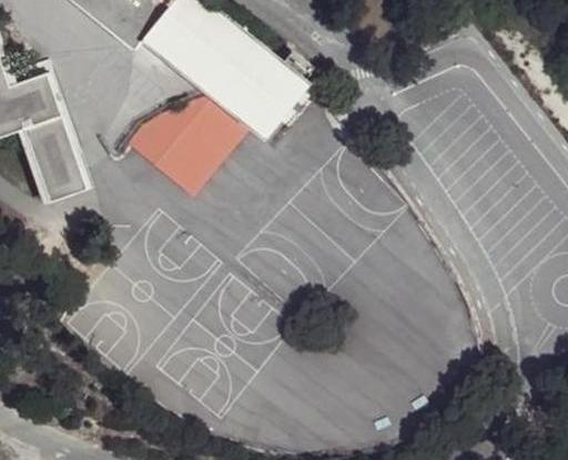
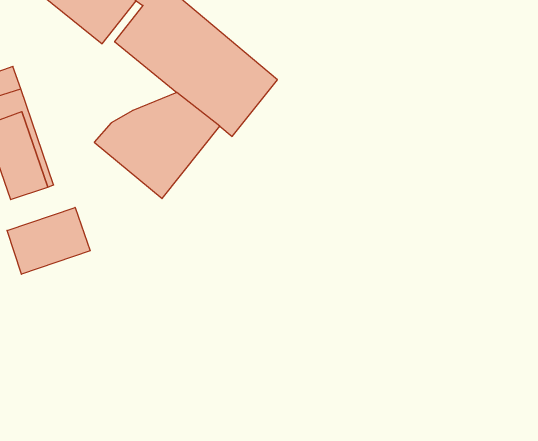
building: none -> [7,207,90,274]

